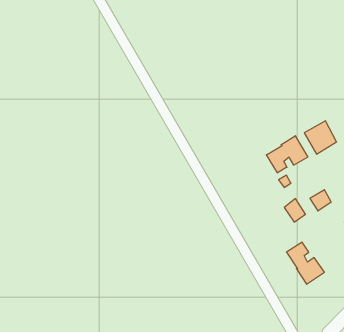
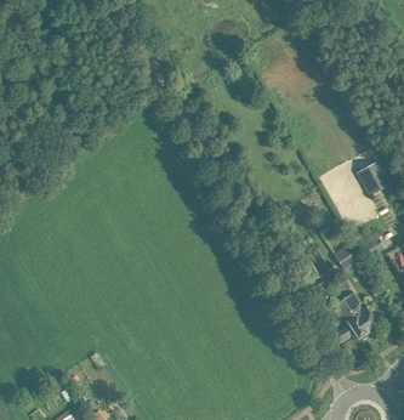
building: [266,136,308,173] -> none

